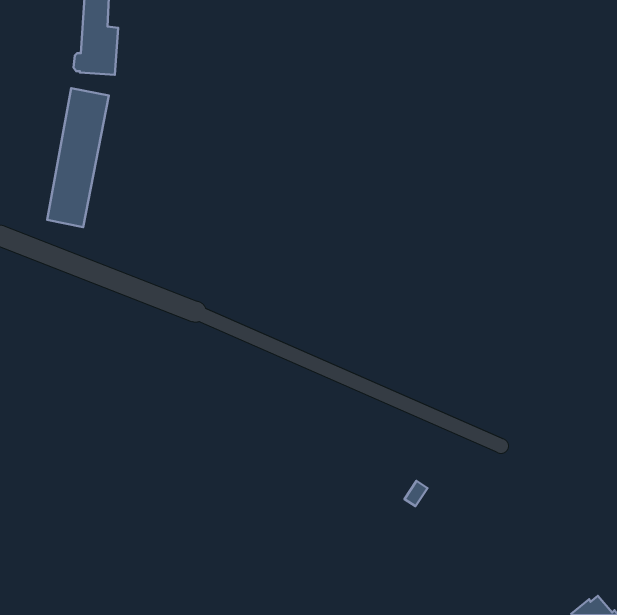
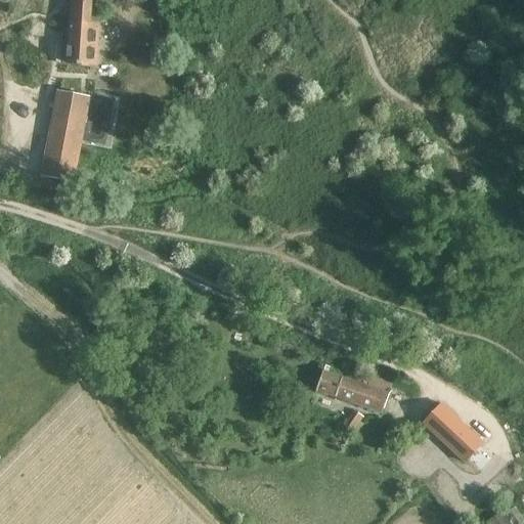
building: none -> [315,369,388,410]
building: none -> [422,402,482,462]

